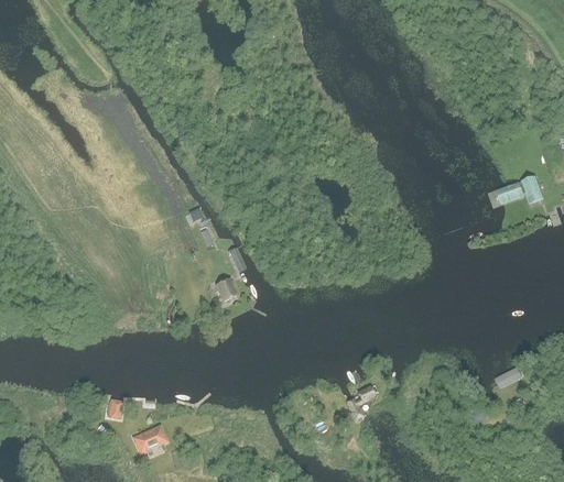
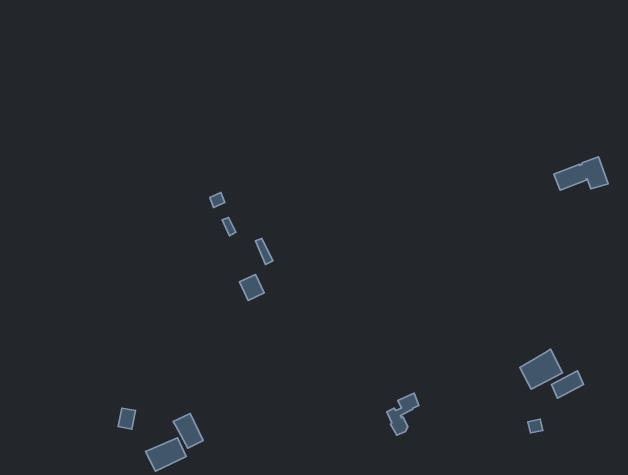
building: none -> [520,349,562,389]
building: none -> [173,414,203,448]

